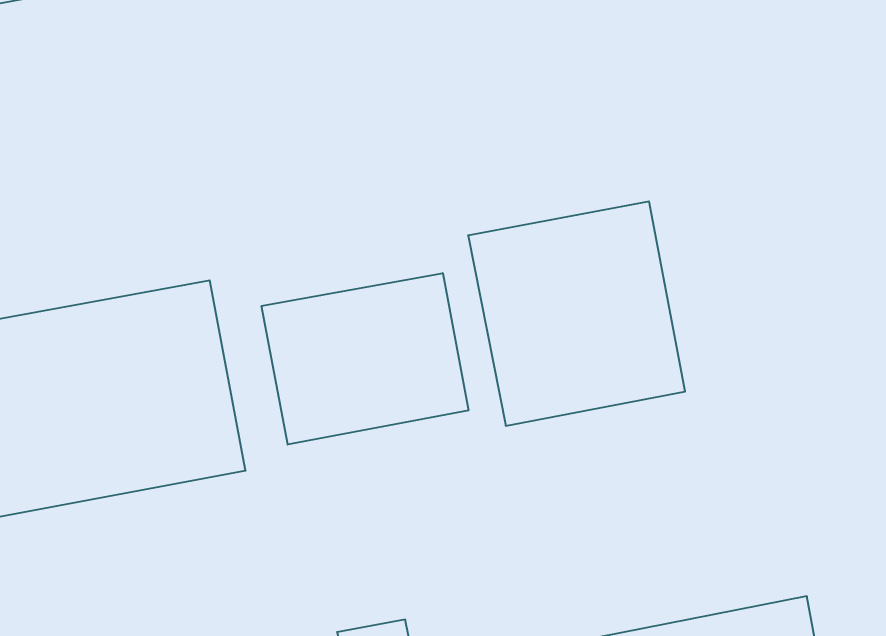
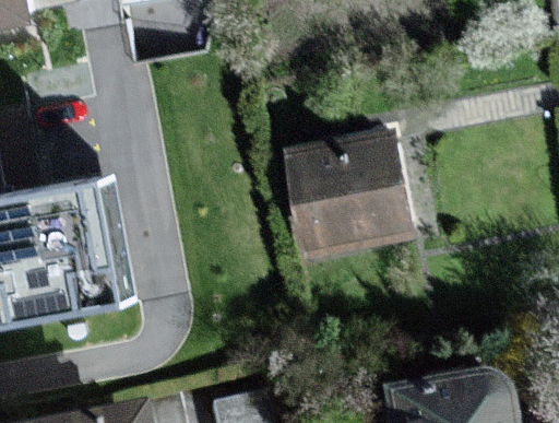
building: [262,273,468,445] -> none

